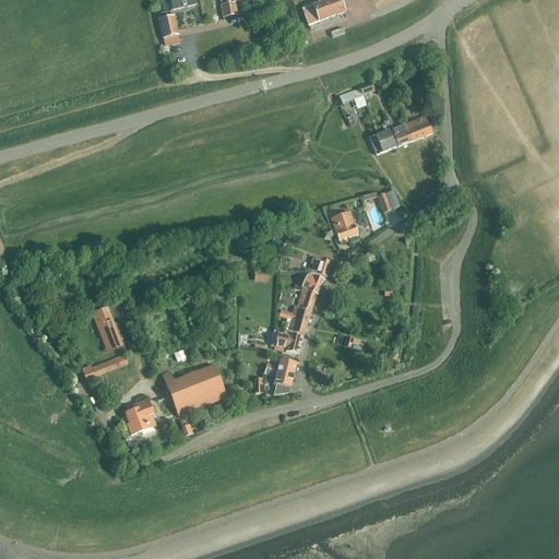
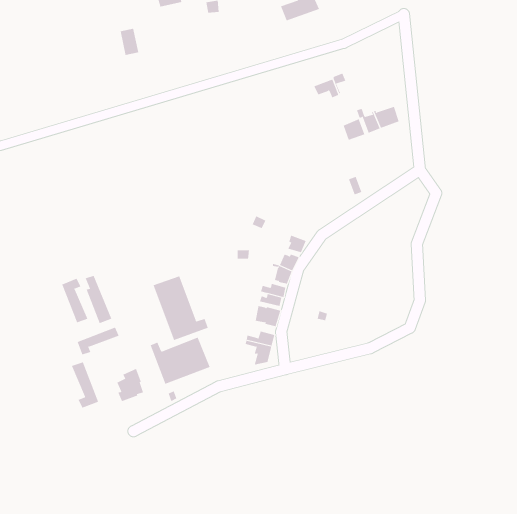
building: [159,14,180,44] -> [120,28,139,55]
building: [330,210,356,238] -> none
building: none -> [153,276,208,341]
building: none -> [61,278,88,323]
building: none -> [71,361,99,409]

